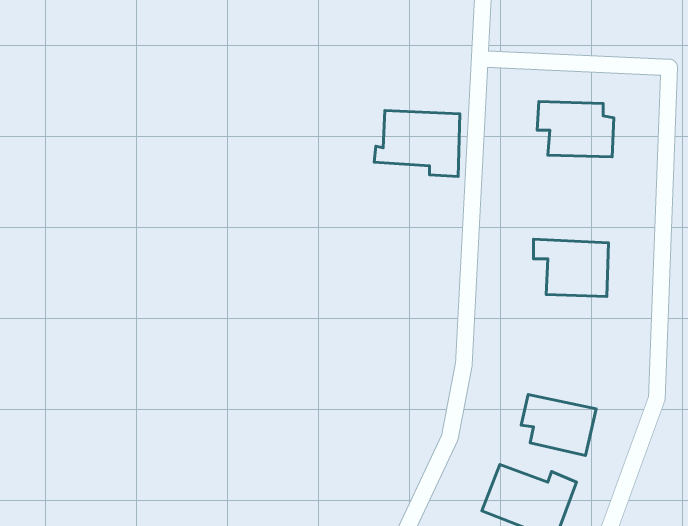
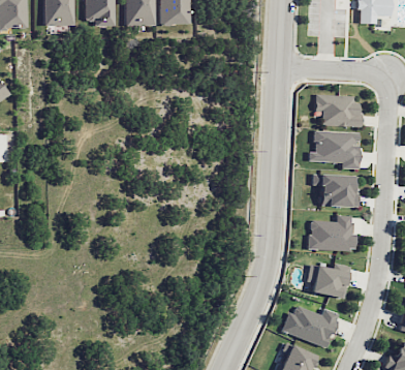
building: [374,110,460,177] -> [309,131,359,169]
building: none -> [310,216,352,251]

